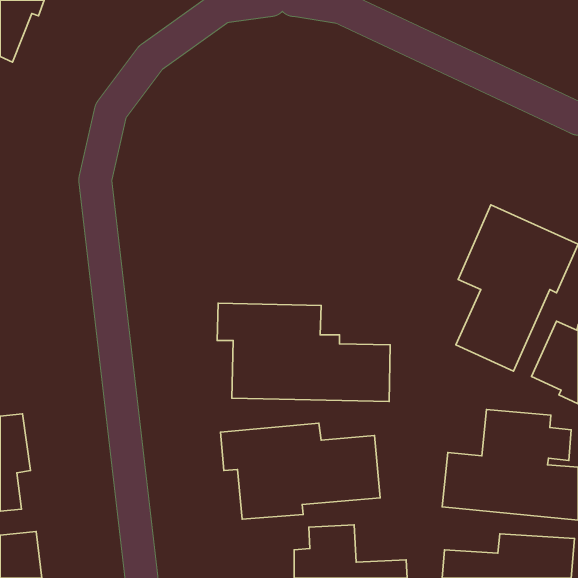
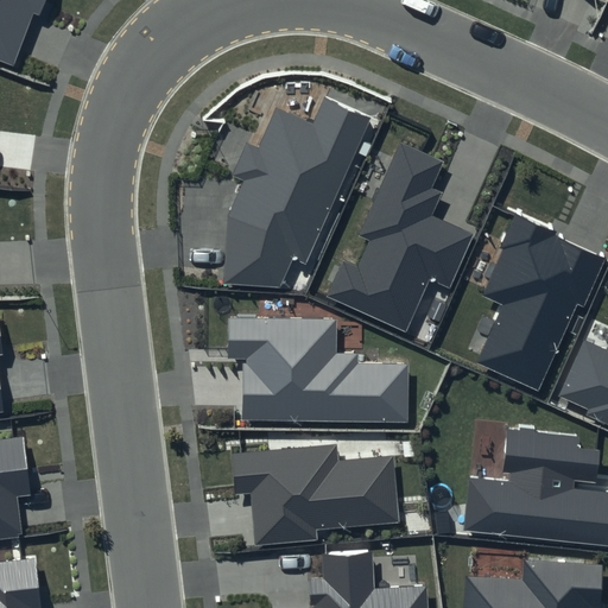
building: none -> [223,96,370,287]
building: none -> [327,142,476,331]

